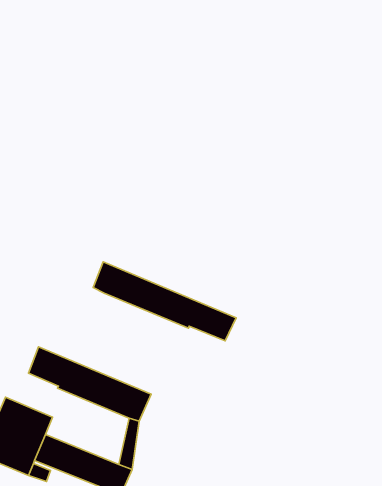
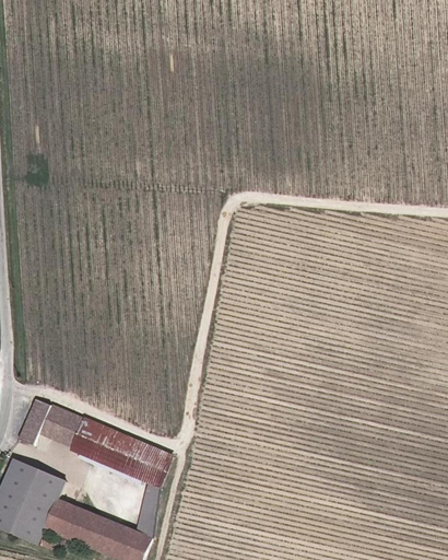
building: [93,262,236,341] -> none
building: none -> [17,397,49,445]

